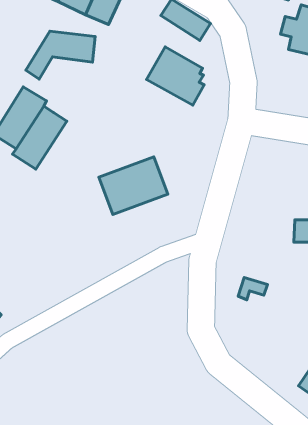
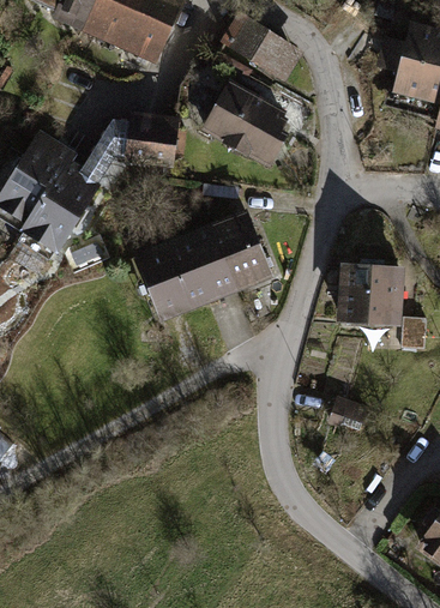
building: [26,31,95,79] -> [80,120,174,185]
building: none -> [216,221,269,283]
building: none -> [340,269,402,324]

